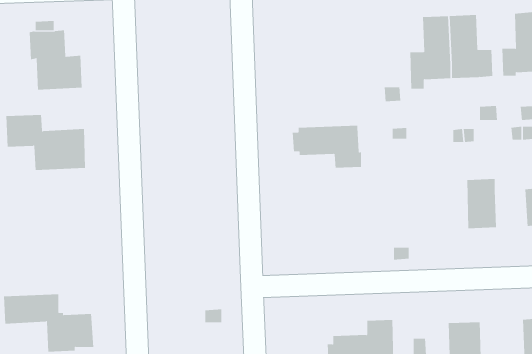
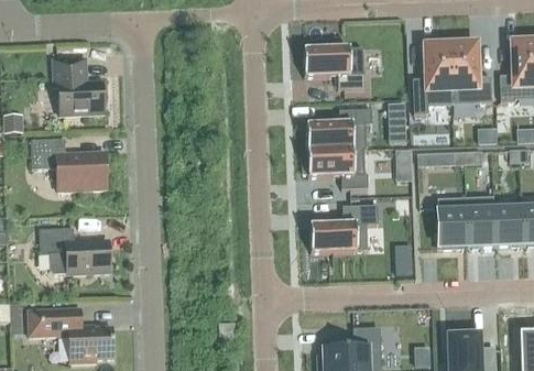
building: none -> [303,43,363,88]
building: none -> [305,108,372,150]
building: none -> [437,199,467,247]
building: none -> [309,204,378,252]
building: none -> [493,208,523,244]
building: none -> [39,227,109,273]

